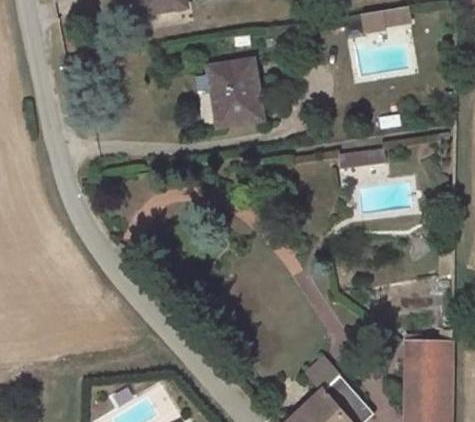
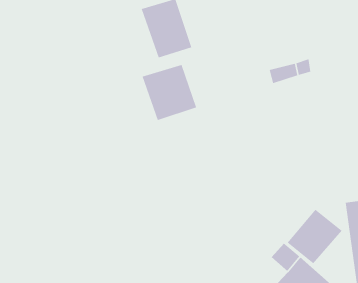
building: none -> [142,64,197,121]
building: none -> [287,209,342,264]

